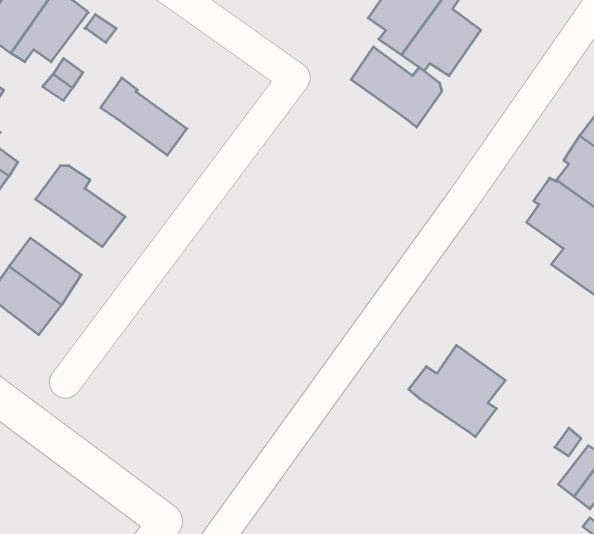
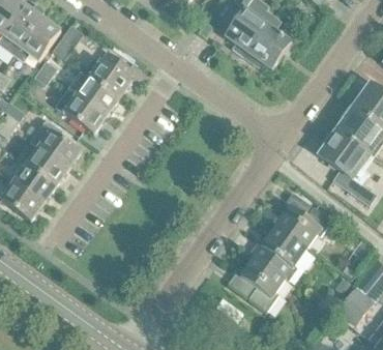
building: none -> [88,51,134,100]
building: [351,47,442,127] -> none
building: none -> [55,88,107,135]
building: none -> [26,148,68,186]
building: none -> [276,194,331,249]
building: none -> [228,259,284,313]

